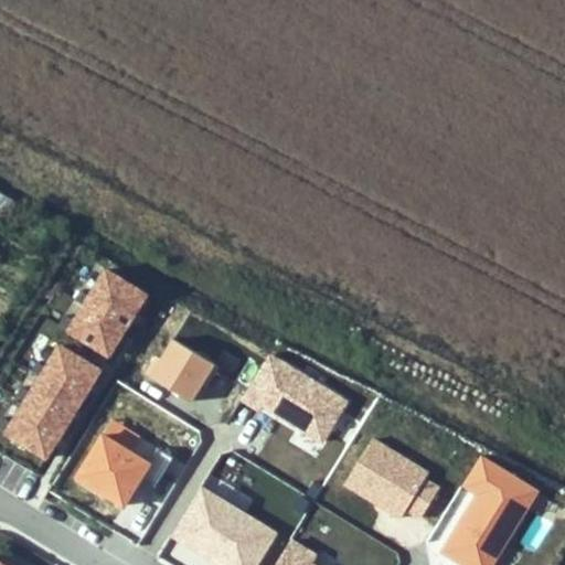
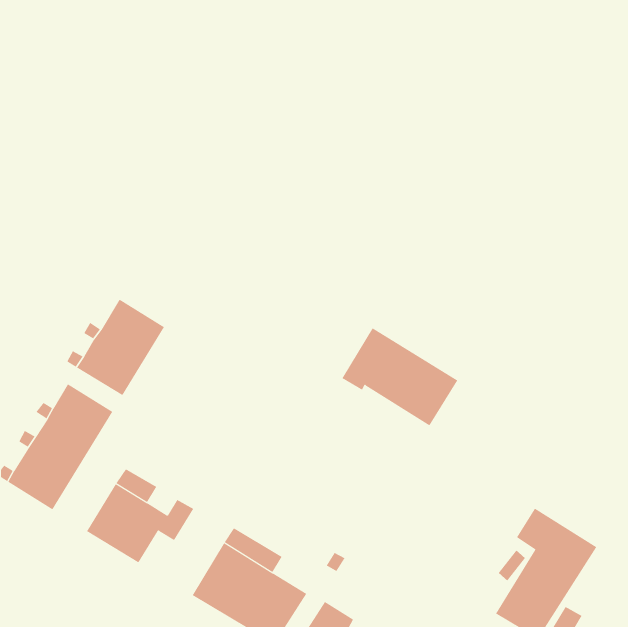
building: [147,339,220,402] -> none
building: [243,354,348,443] -> [341,328,458,426]
building: [345,439,439,519] -> none

